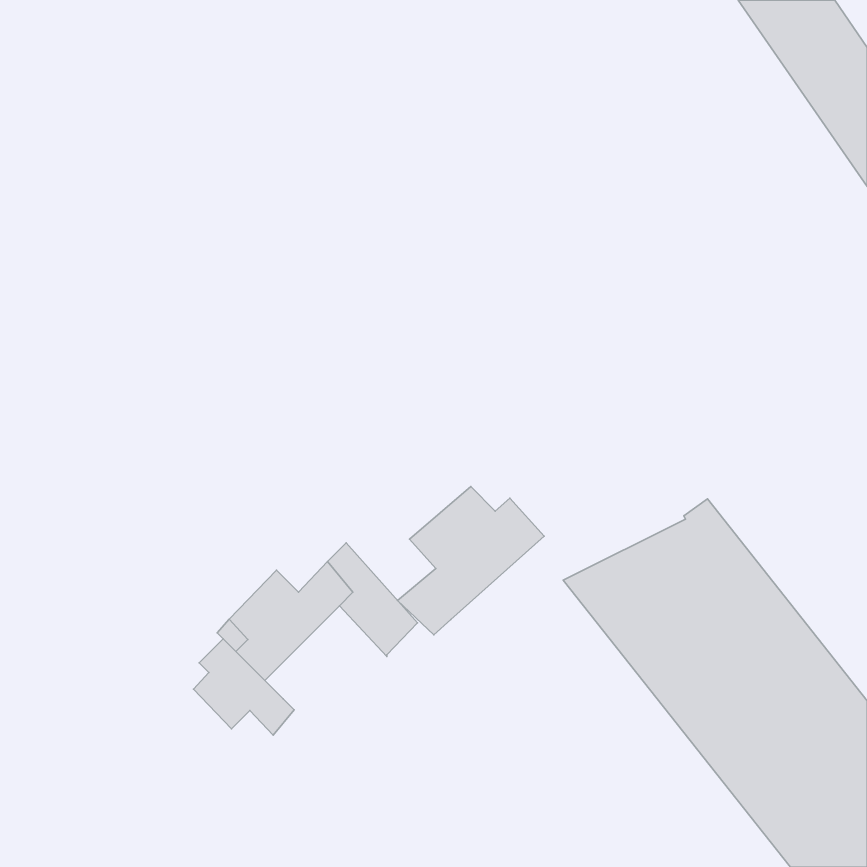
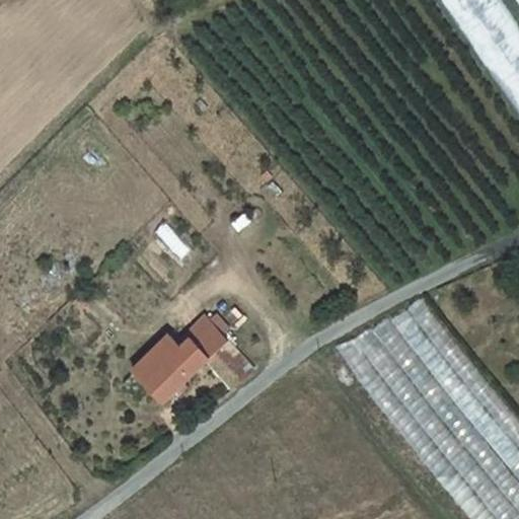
building: [398,486,544,635] -> none
building: [193,639,294,735] -> none

